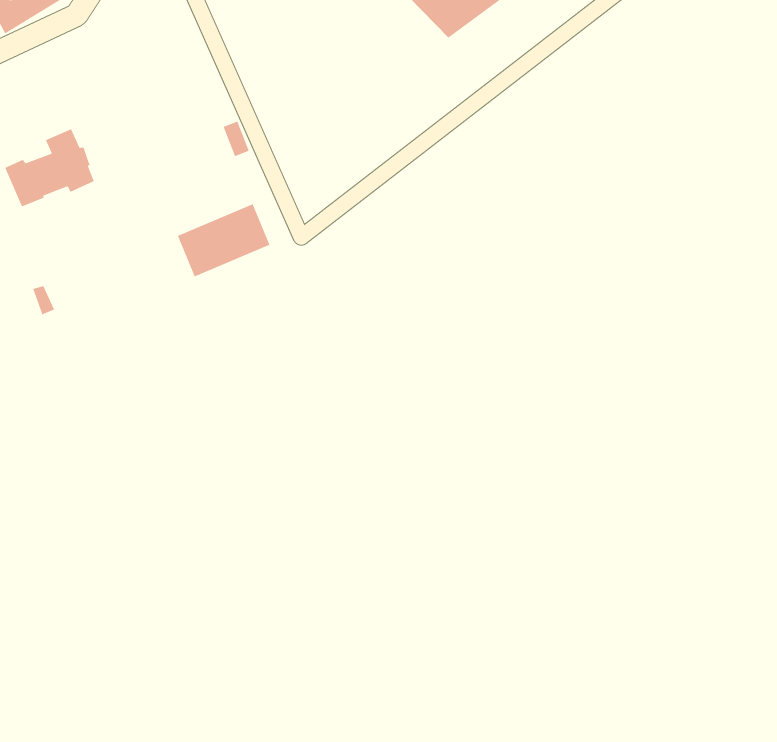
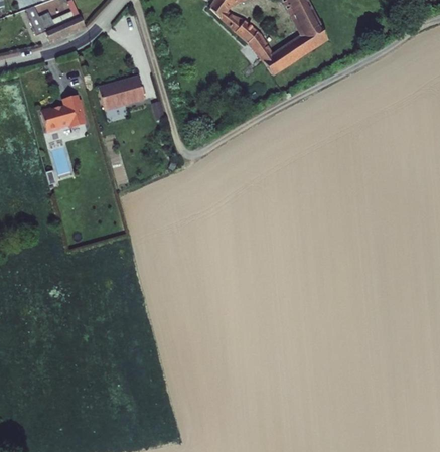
building: [177,203,271,277] -> [99,77,145,110]

